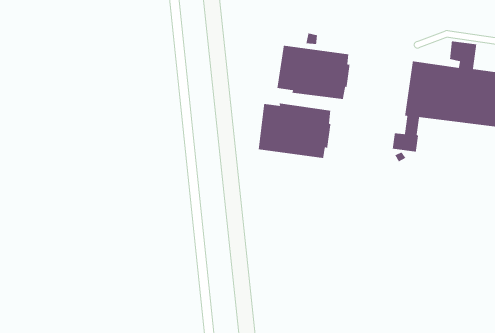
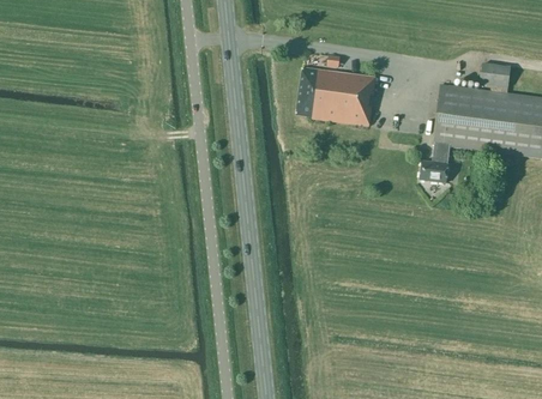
building: [258,102,331,159] -> none

